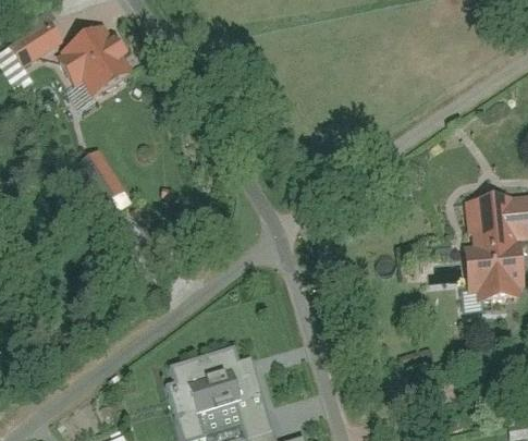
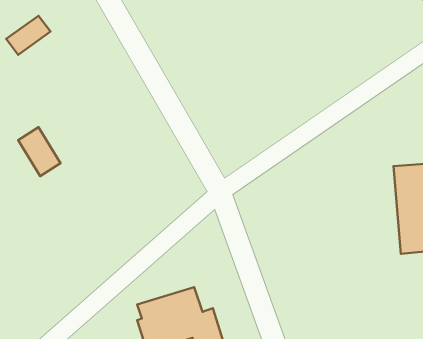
building: [60,29,125,103] -> none
building: [77,150,127,208] -> [18,127,61,176]

